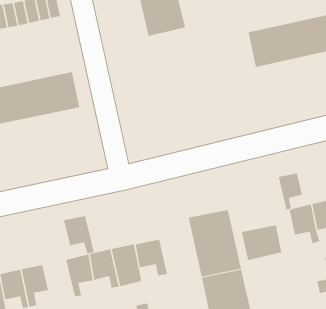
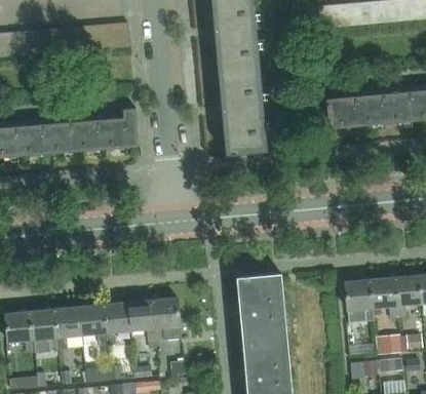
building: none -> [220,77,270,155]
building: [278,172,302,210] -> none
building: [63,215,95,254] -> [78,305,107,346]
building: [241,224,282,261] -> none
building: [135,239,168,276] -> none

